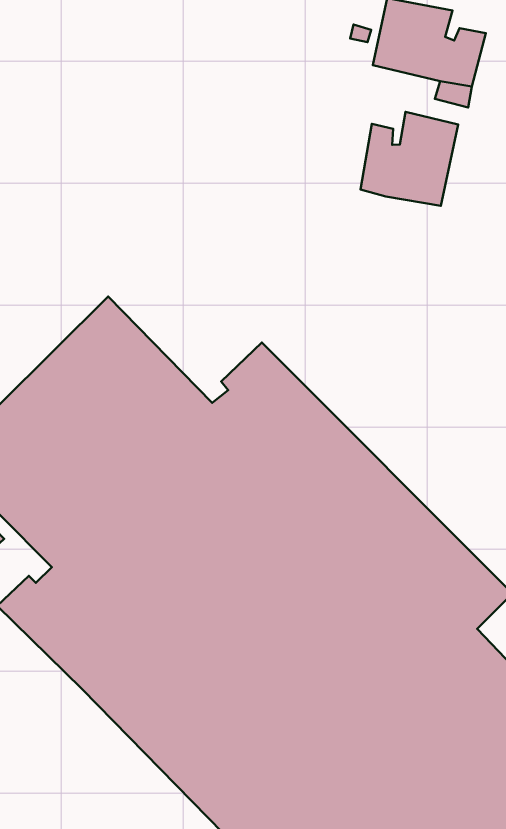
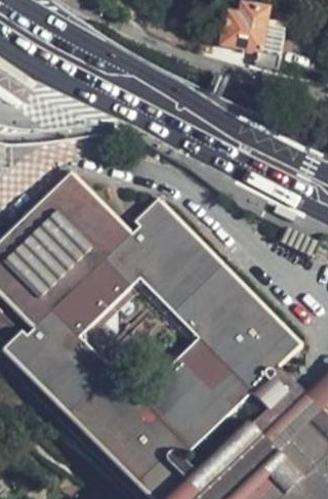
building: [361,112,458,206] -> none

